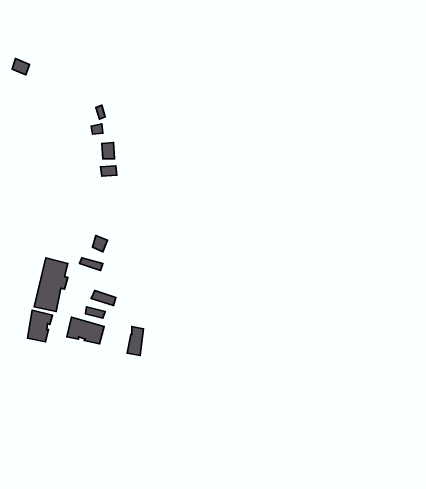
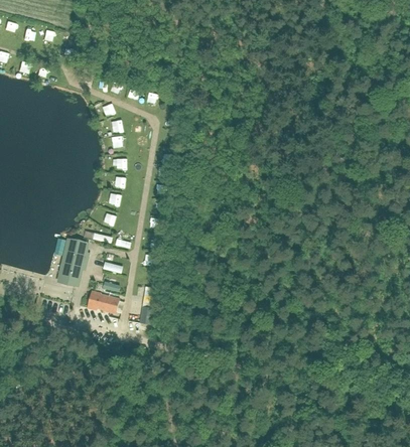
building: [27,310,52,342] -> none

